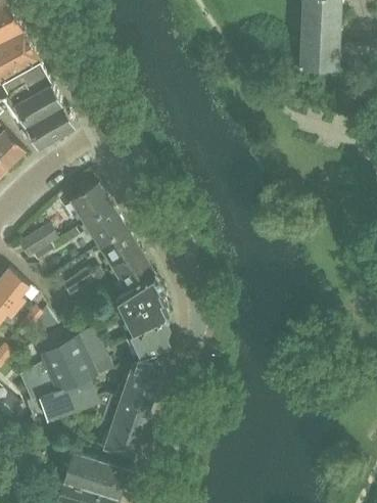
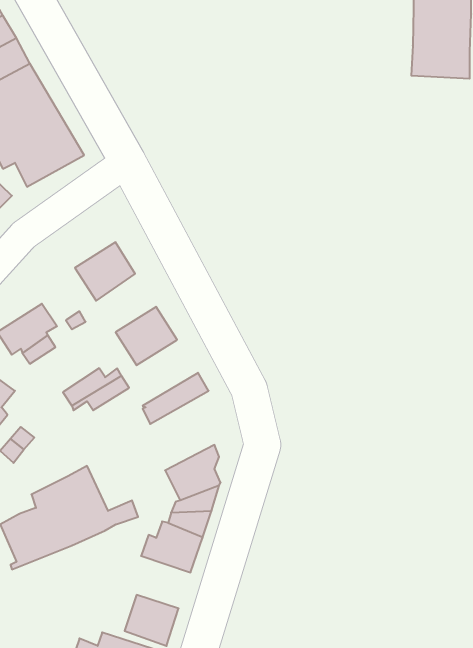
building: [85,203,126,243] -> none
building: [110,248,154,293] -> none
building: [122,283,170,336] -> none
building: [28,378,99,421] -> none
building: [112,396,149,431] -> none

